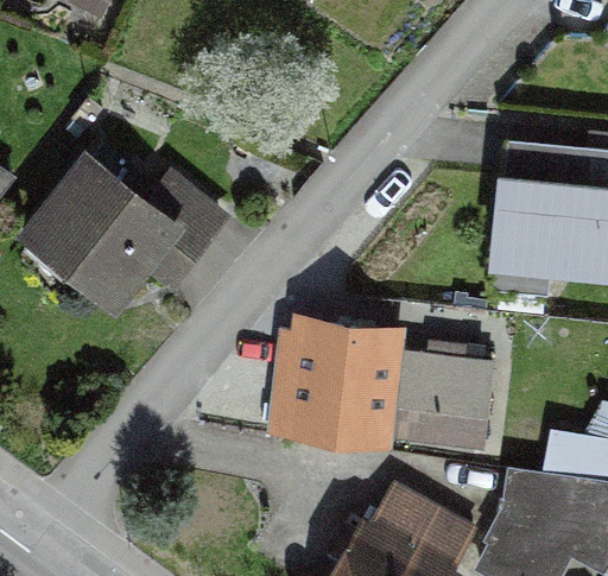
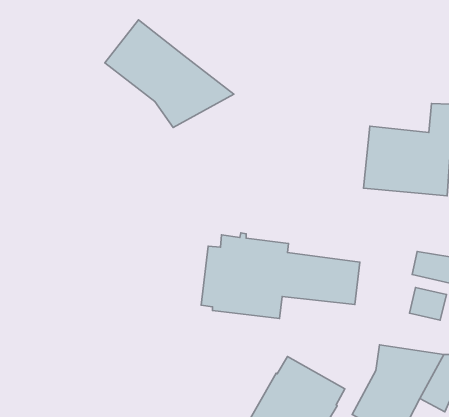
building: none -> [105,20,234,127]
building: [30,166,217,300] -> none

